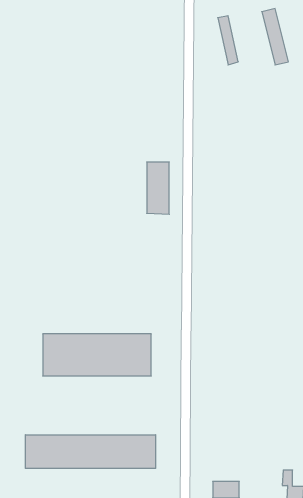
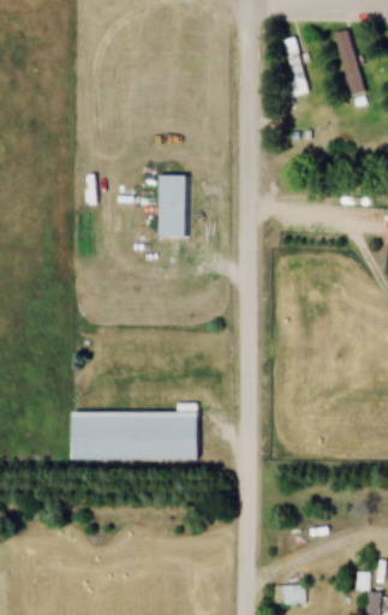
building: [147,162,169,214] -> [162,175,189,237]
building: [25,435,156,468] -> none

